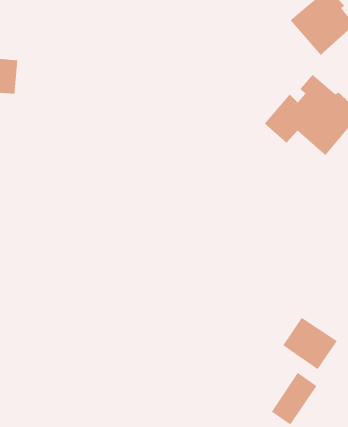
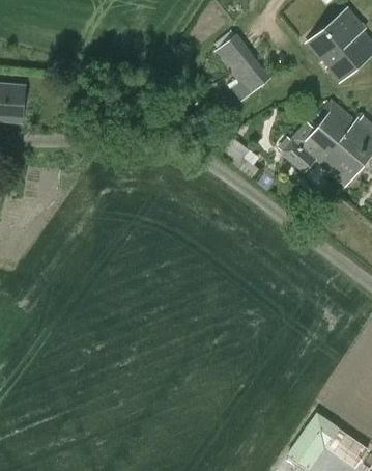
building: none -> [216,35,267,98]
building: [282,317,338,370] -> none

